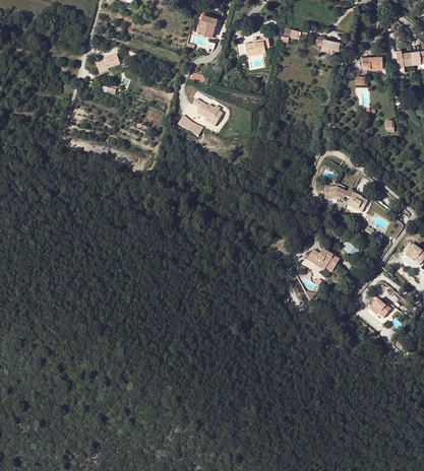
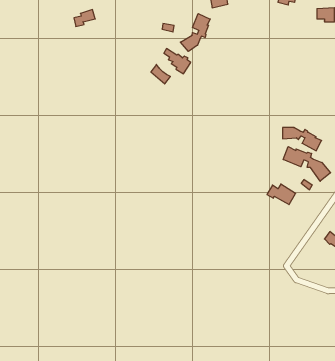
building: none -> [180,14,210,51]
building: none -> [283,147,331,181]

